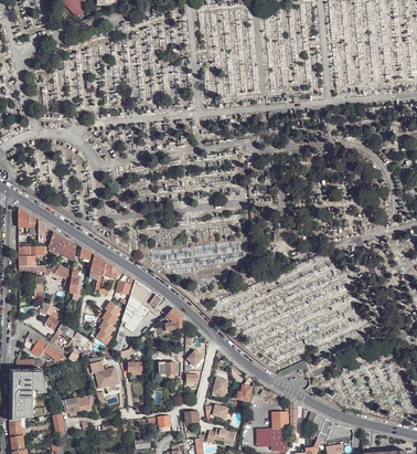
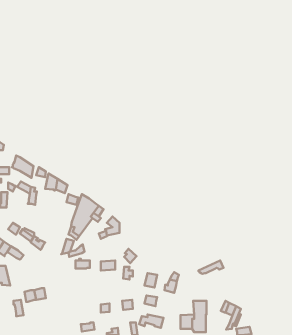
building: [95,300,121,345] -> none
building: [89,360,119,387] -> none

